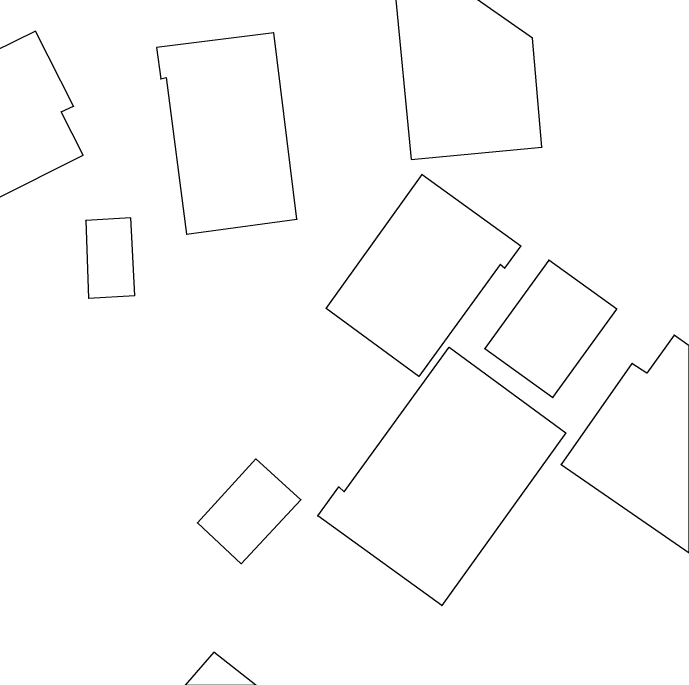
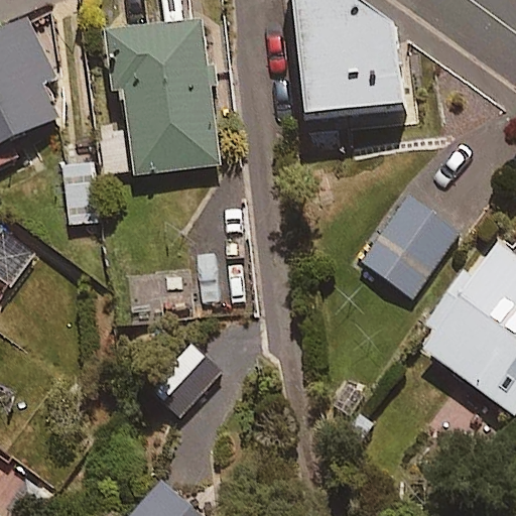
building: [326,174,521,376] -> none
building: [318,347,566,606] -> none

